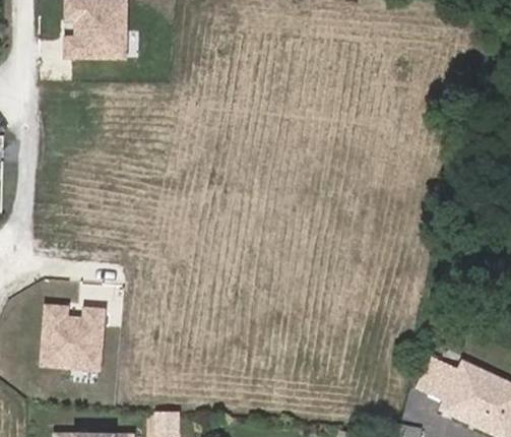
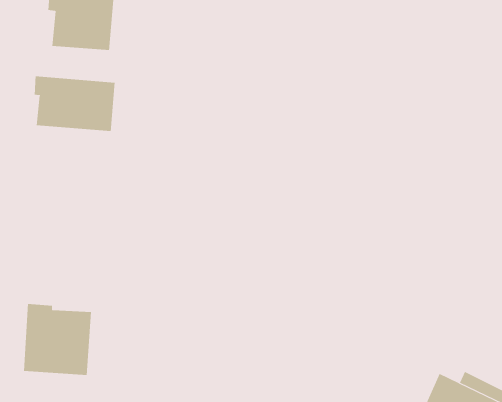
building: none -> [34,76,115,132]

